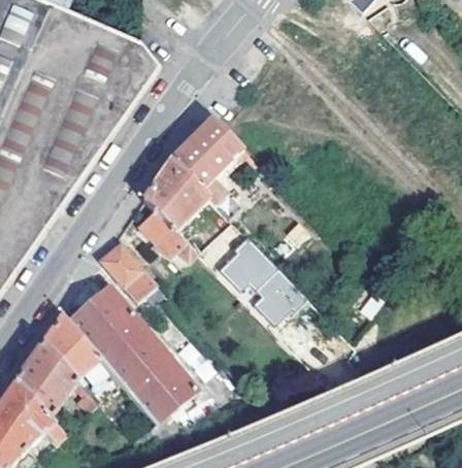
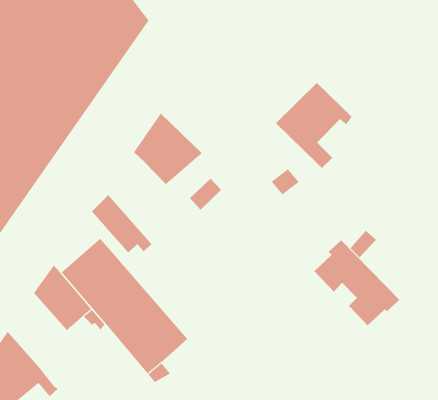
building: [169,116,248,204] -> [275,82,353,169]
building: [135,207,195,259] -> none
building: [217,233,304,321] -> [313,240,400,326]
building: [14,340,98,419] -> none

